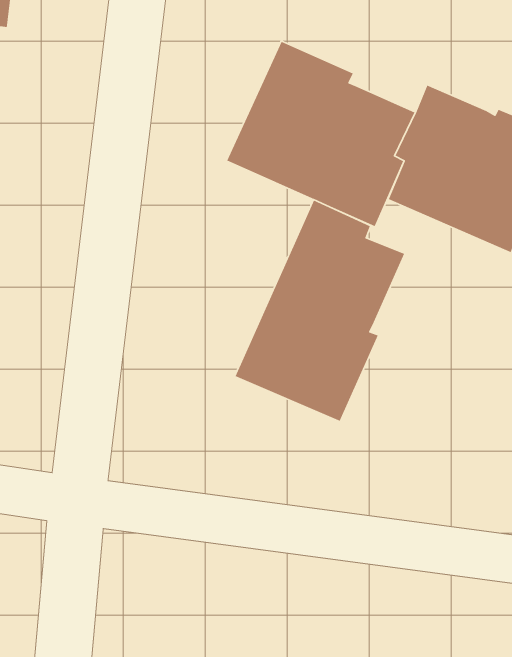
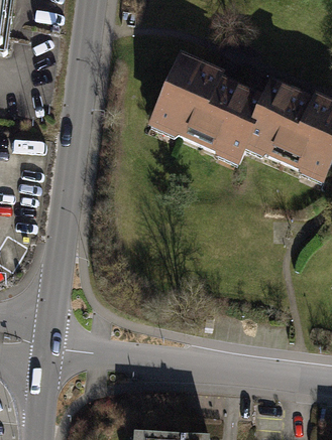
building: [235,200,405,422] -> none

